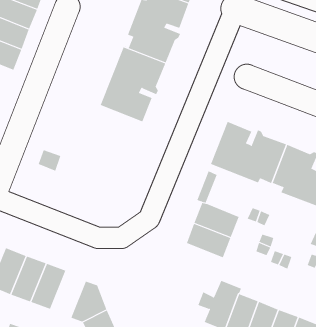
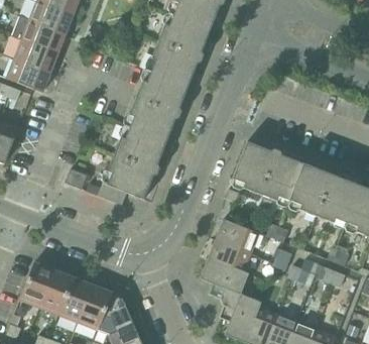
building: none -> [98,125,166,204]
building: none -> [200,257,249,298]
building: none -> [78,283,112,329]

